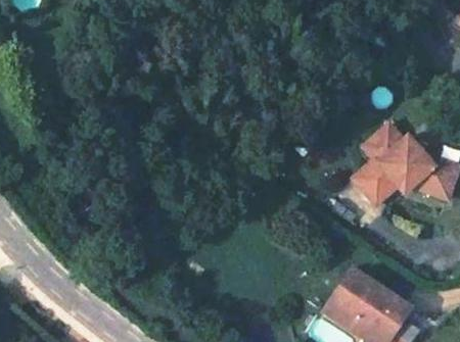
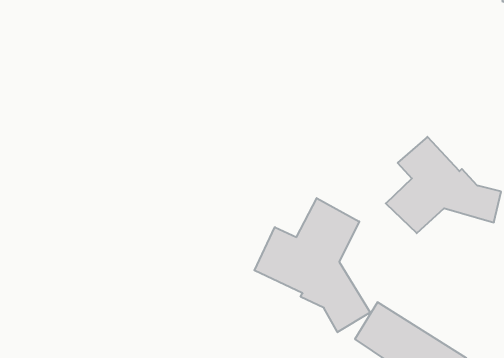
building: none -> [254,198,370,332]

